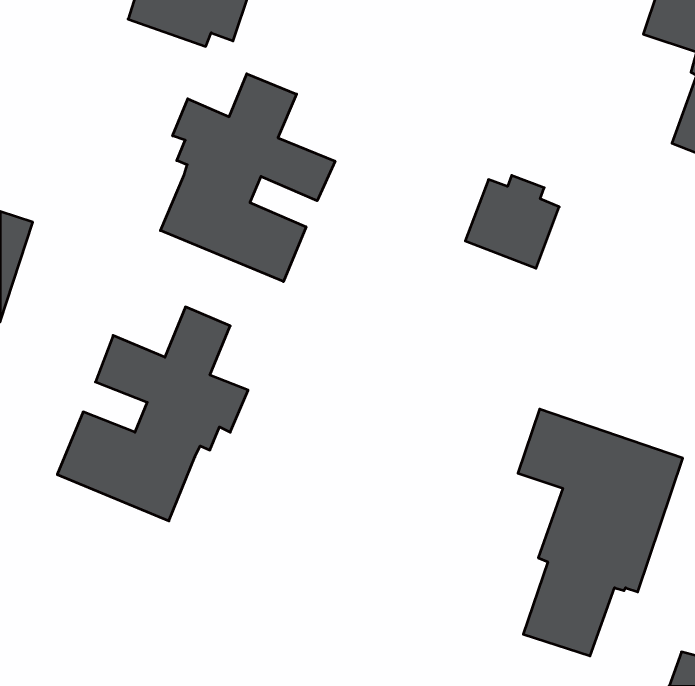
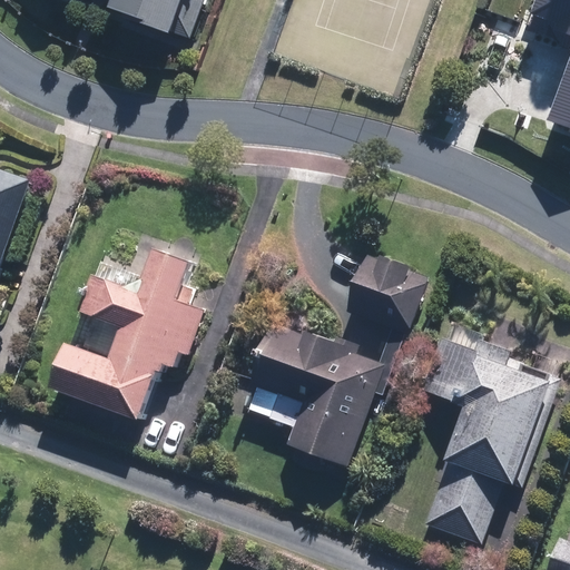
building: [160,74,335,282] -> none
building: [465,175,559,268] -> [348,250,425,326]
building: none -> [247,313,392,469]

